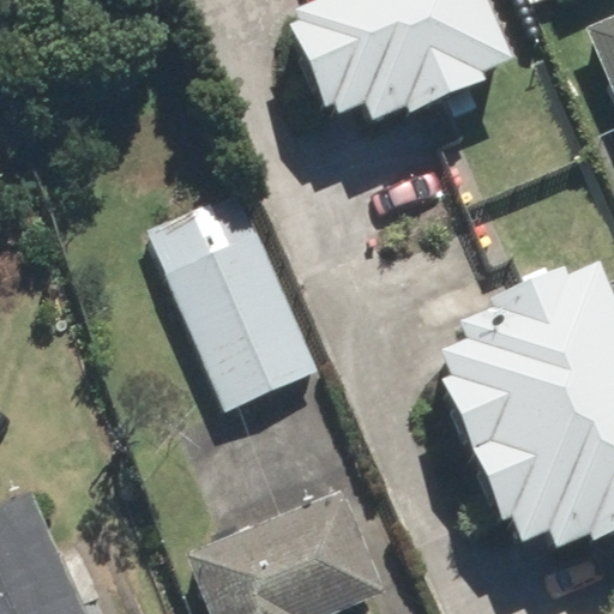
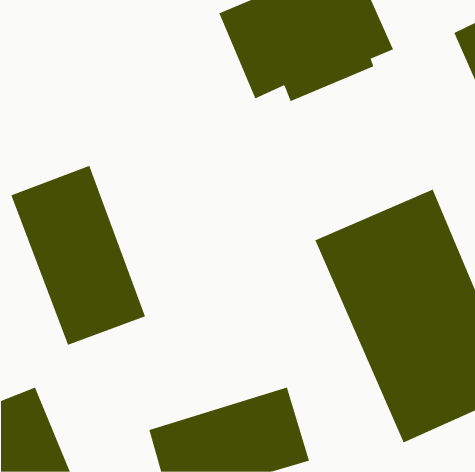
building: [146,183,320,415] -> [11,165,146,346]

